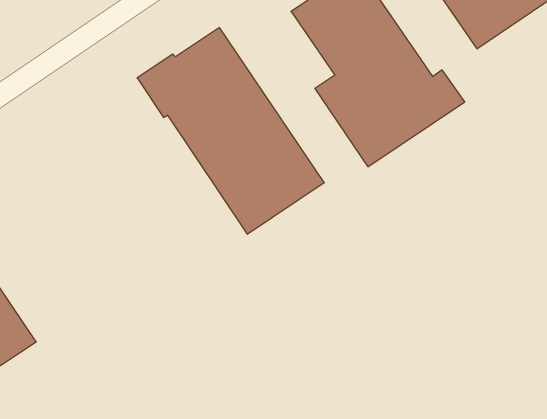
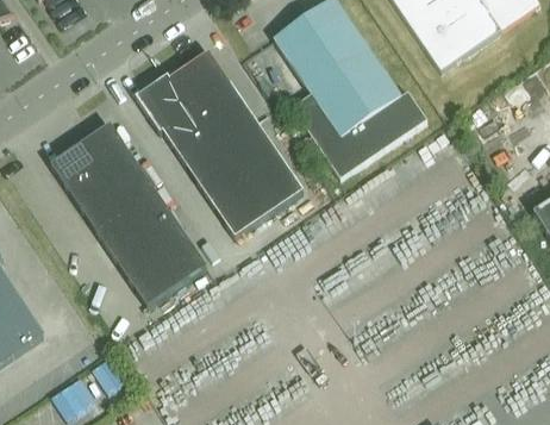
building: none -> [50,124,206,306]

